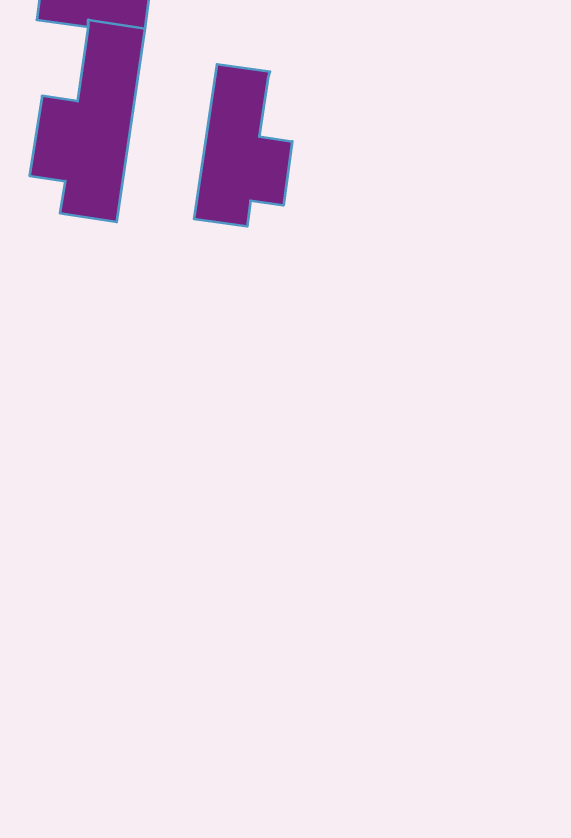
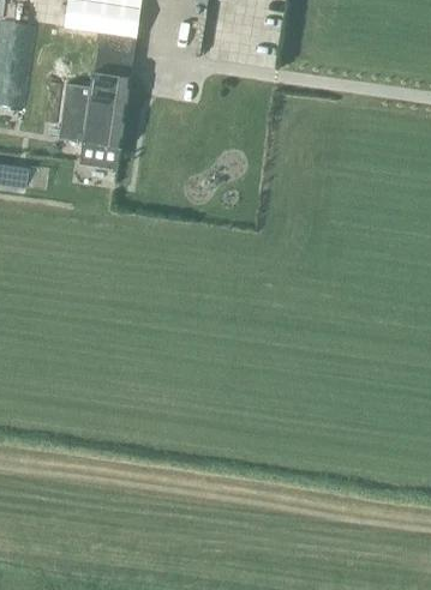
building: [194,64,292,226] -> none

